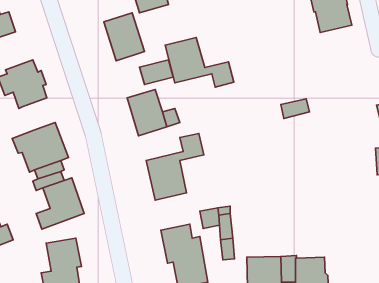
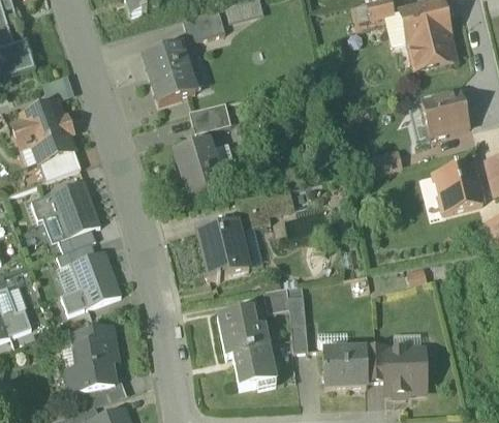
building: [165,37,234,87] -> none
building: none -> [420,92,470,134]
building: none -> [42,149,81,180]
building: none -> [438,162,482,212]

